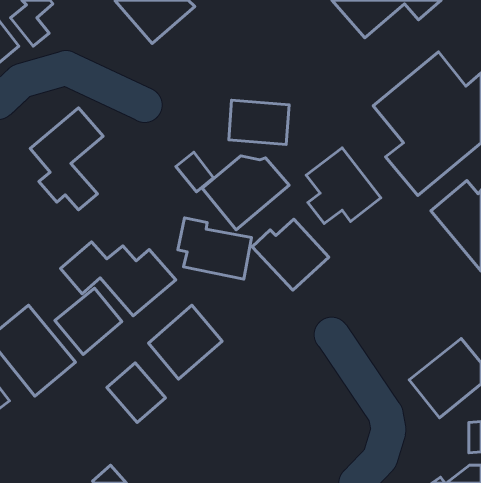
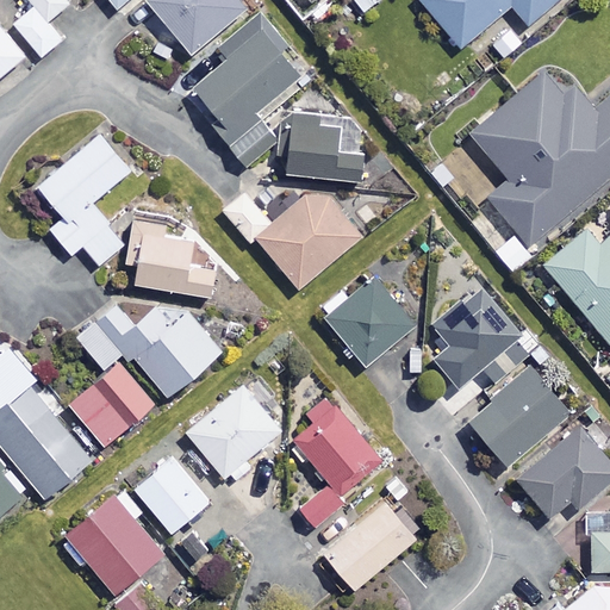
building: none -> [192,36,300,167]
building: [306,148,381,223] -> [436,290,530,385]
building: [178,218,252,279] -> [125,222,218,299]
building: none -> [469,368,568,466]
building: none -> [285,397,381,525]
building: none -> [66,498,161,595]
building: none -> [323,503,415,590]

